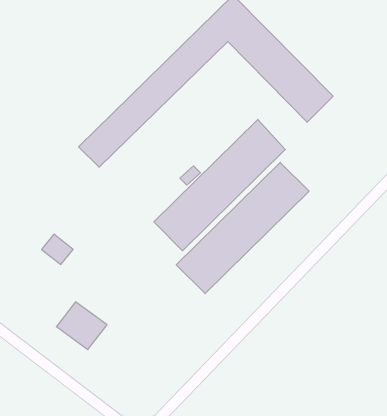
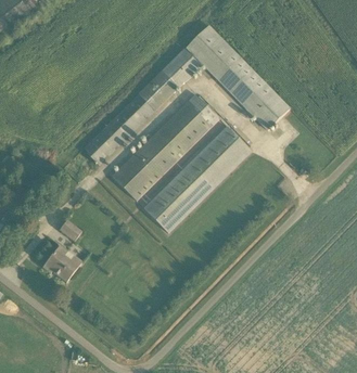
building: [176,162,309,294] -> [114,93,219,197]
building: [56,302,107,350] -> [40,243,80,281]

